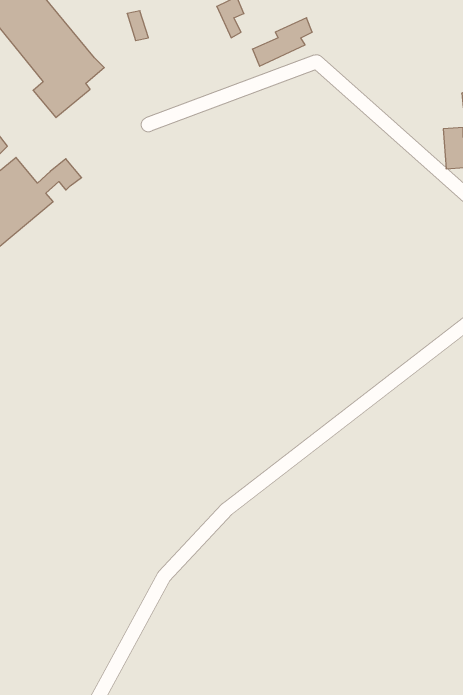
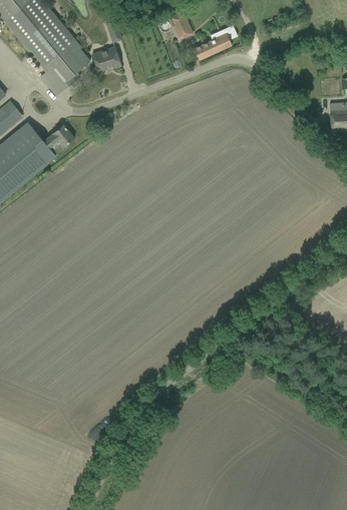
building: none -> [92,46,121,71]

